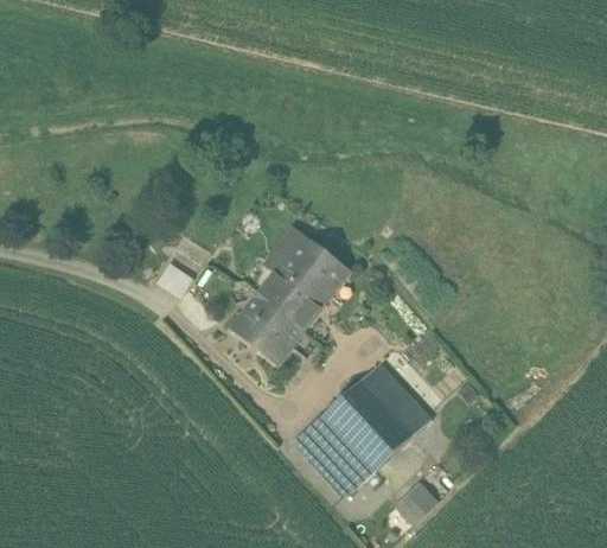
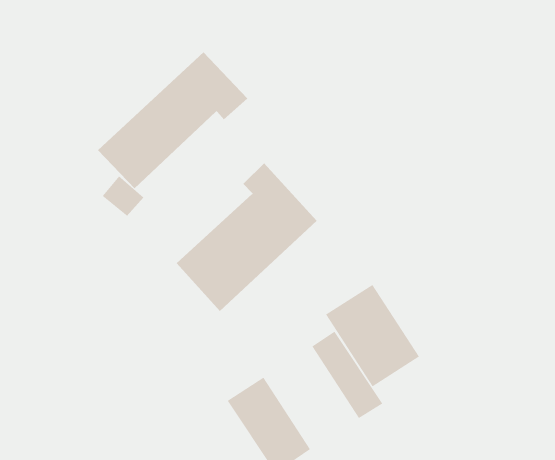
building: none -> [97,51,248,189]
building: [324,380,411,469] -> [325,284,420,387]

